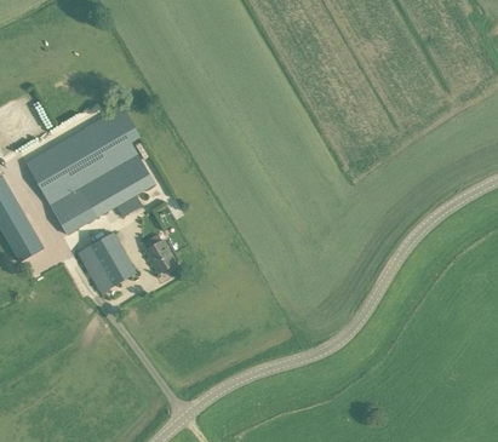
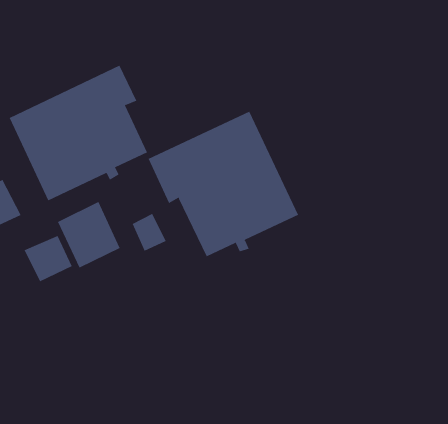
building: none -> [148,111,299,257]
building: none -> [24,235,73,282]

